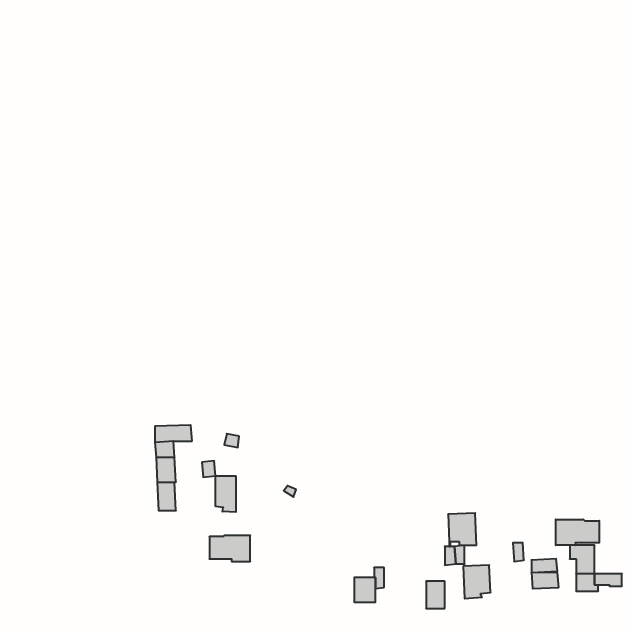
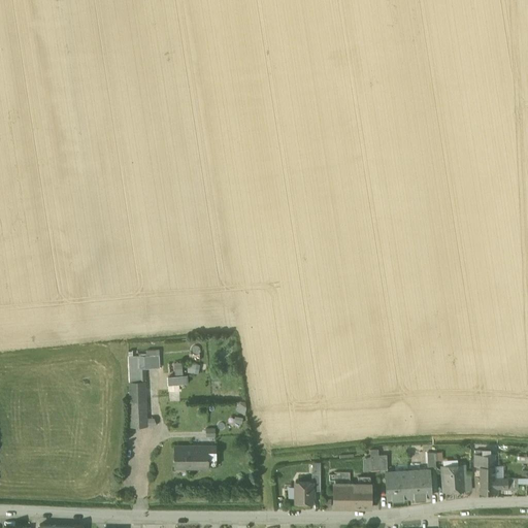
building: [216,476,236,512] -> none
building: [448,513,476,546] -> [407,469,431,497]
building: [556,519,599,545] -> none
building: none -> [334,483,355,506]

